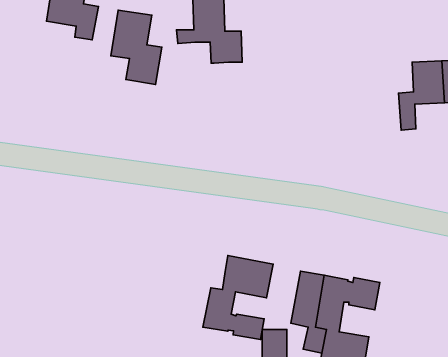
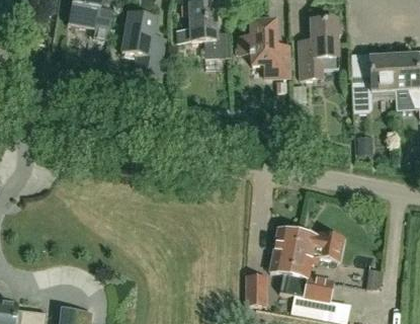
building: none -> [299,17,338,77]
building: none -> [239,20,289,75]
building: [203,255,273,340] -> none

